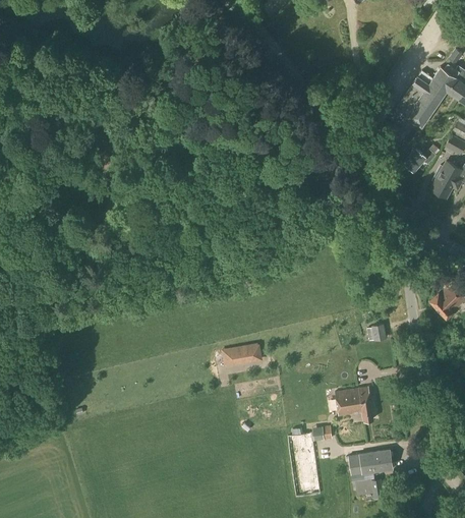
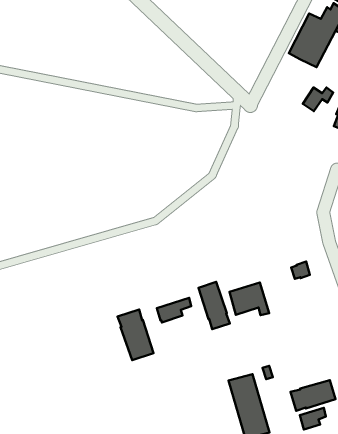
building: none -> [198,282,230,329]
building: none -> [118,309,153,360]
building: [336,387,373,420] -> [229,283,269,315]

